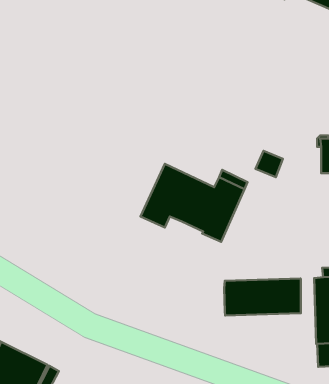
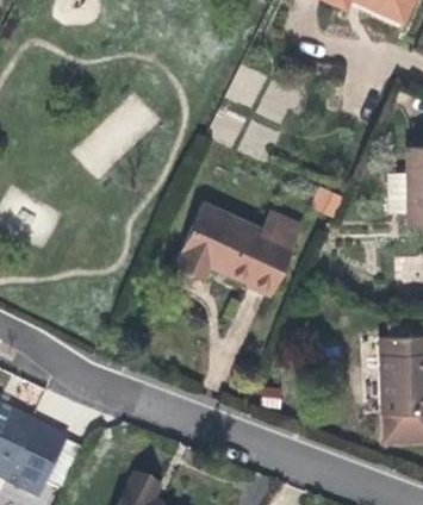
building: [224,279,301,315] -> none

